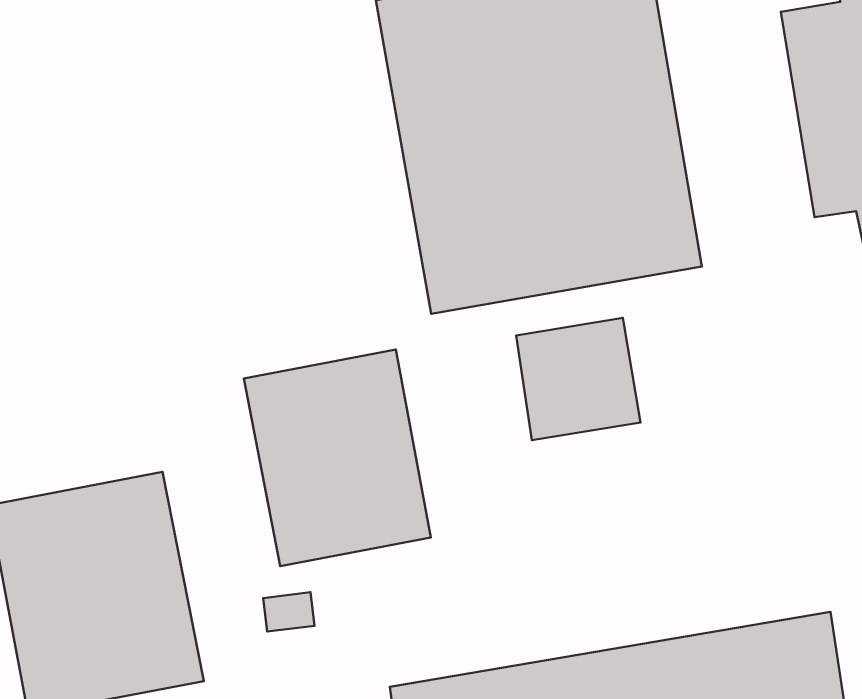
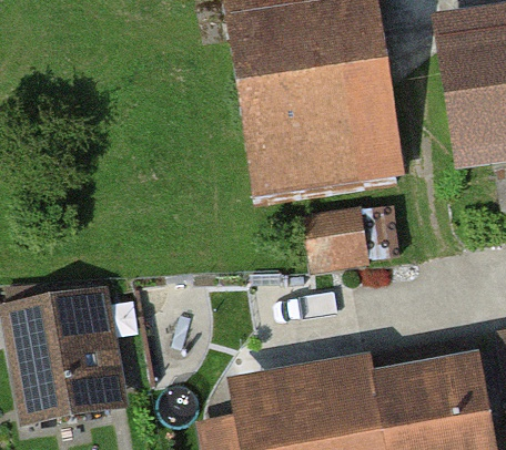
building: [244,349,431,566] -> none

